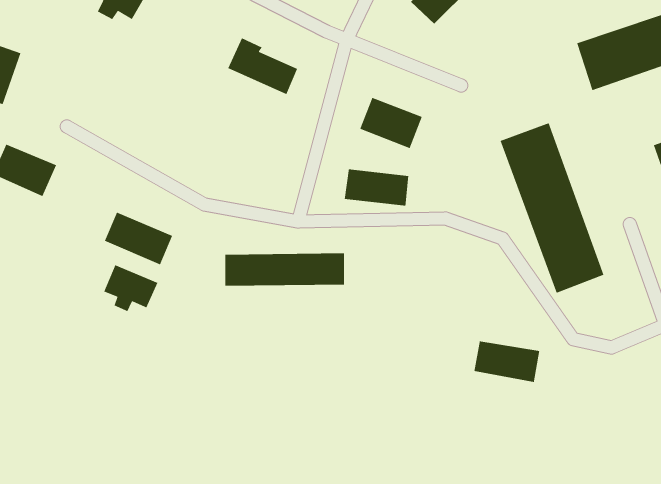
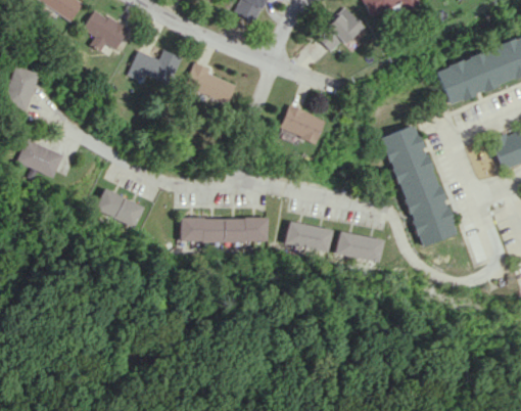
building: none -> [129,50,182,86]
building: [344,168,409,207] -> [287,224,334,252]
building: [103,264,158,312] -> none
building: [473,340,540,383] -> [338,233,386,264]

